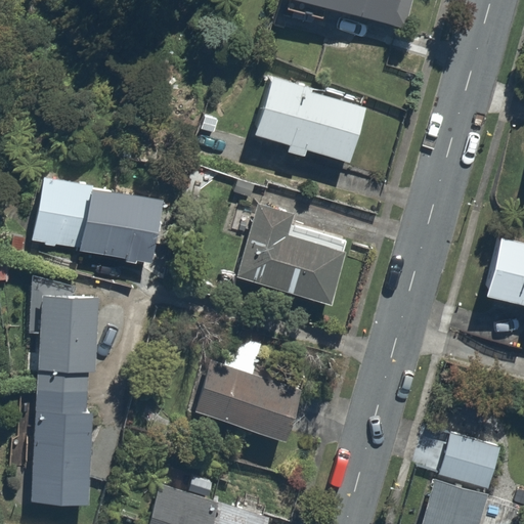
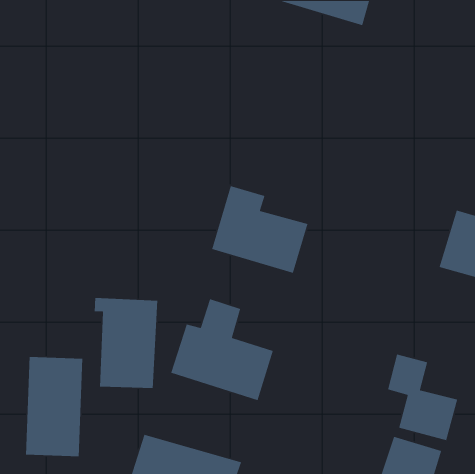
building: [254,74,369,164] -> none
building: [33,178,167,262] -> none
building: [30,292,100,392] -> [94,297,158,389]

